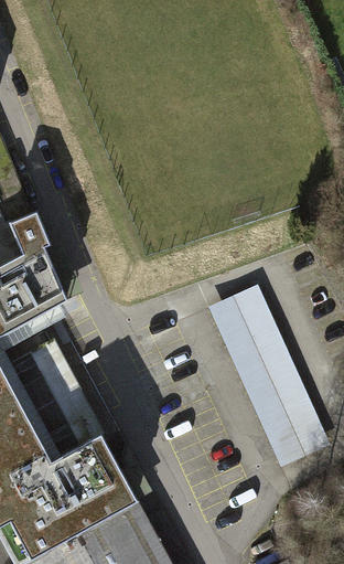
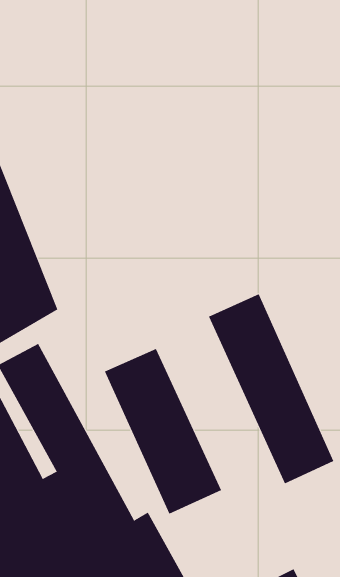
building: none -> [104,348,222,514]

